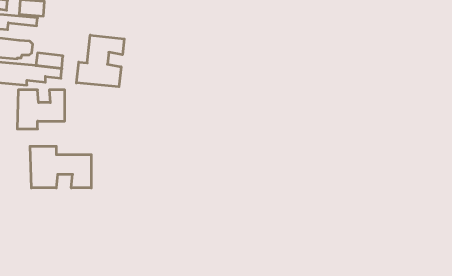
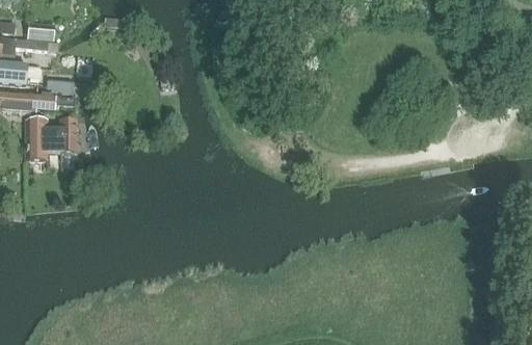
building: [76,35,124,87] -> none
building: [30,146,91,188] -> none

